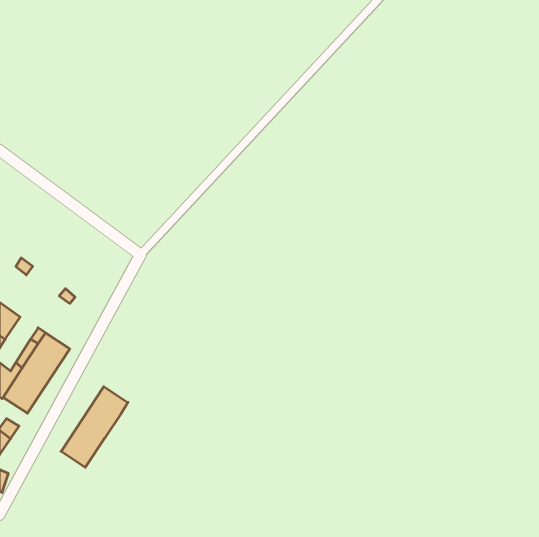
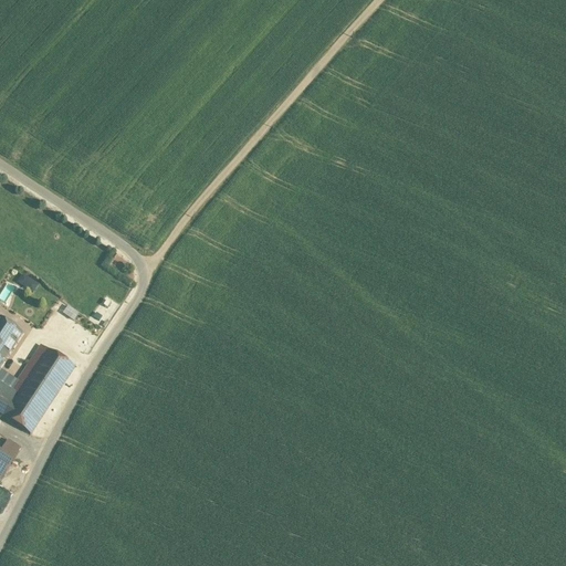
building: [61,387,128,467] -> none

